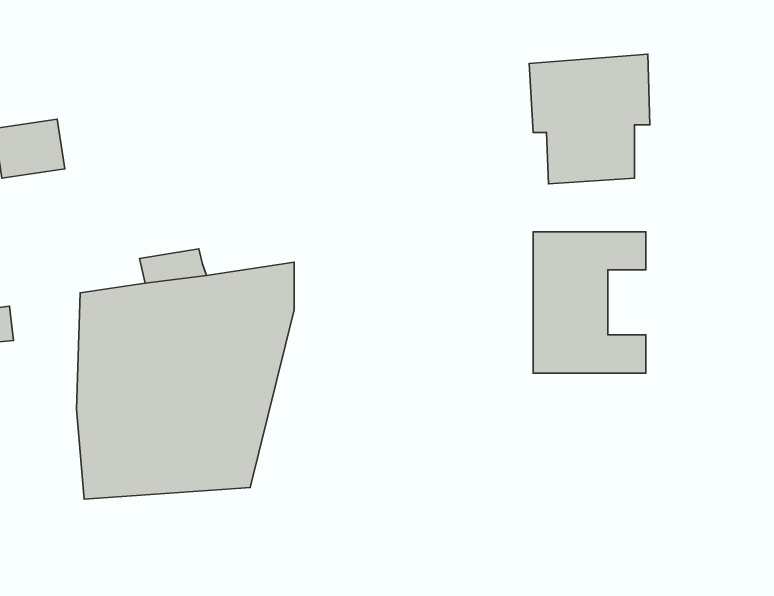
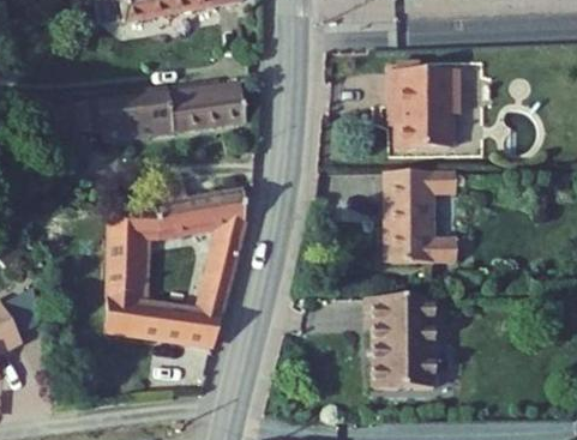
building: none -> [115,79,245,135]
building: none -> [368,301,439,390]

